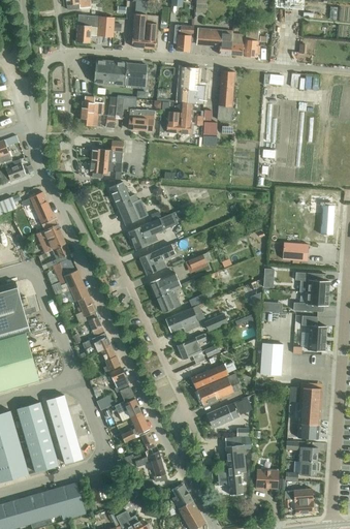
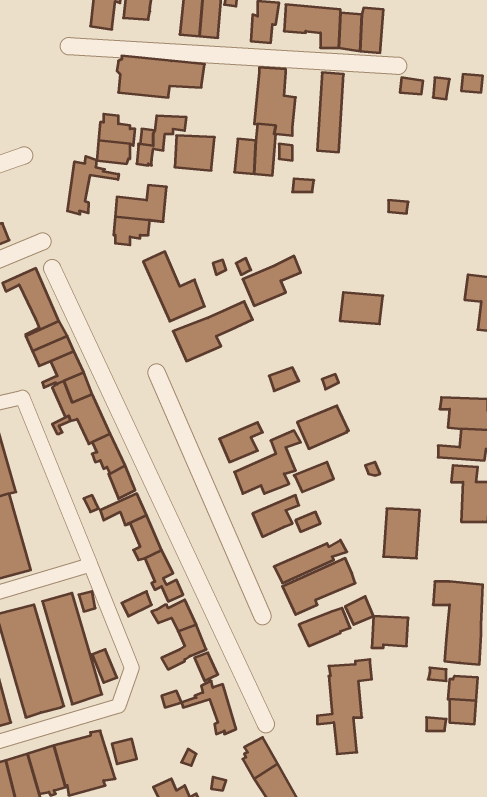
building: none -> [67,156,119,214]
building: [282,242,309,261] -> [340,292,383,324]
building: [139,244,176,275] -> [243,256,301,306]
building: [150,272,182,299] -> [297,406,349,449]
building: [256,469,279,489] -> [372,616,408,648]
building: [284,489,314,514] -> none

